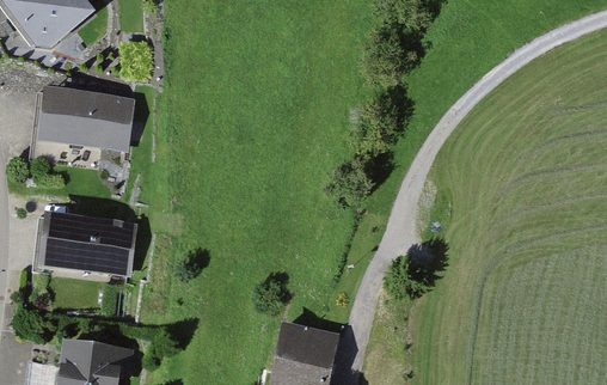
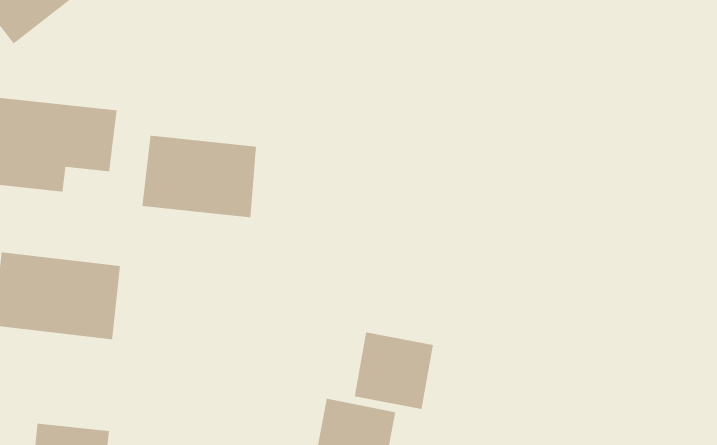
building: none -> [142,135,257,218]
building: none -> [354,332,434,410]

